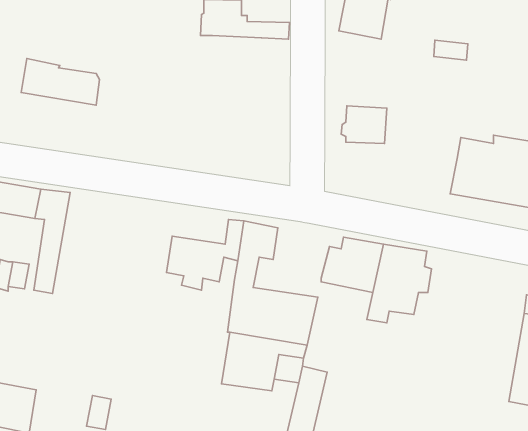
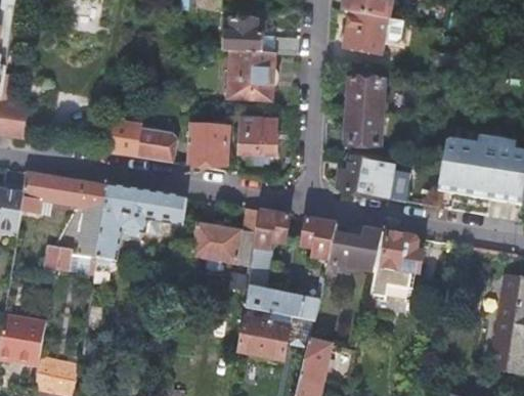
building: none -> [229,49,274,99]
building: [21,58,100,105] -> [106,122,175,163]
building: none -> [346,76,385,113]
building: none -> [237,109,295,164]
building: none -> [185,125,227,166]
building: none -> [333,157,410,200]
building: none -> [91,186,183,282]
building: none -> [302,219,336,261]

